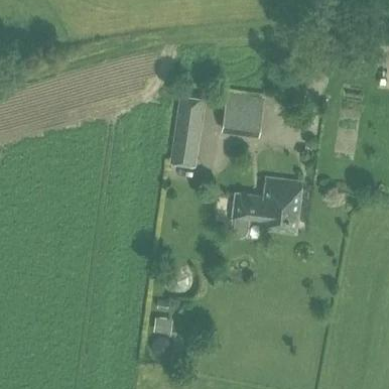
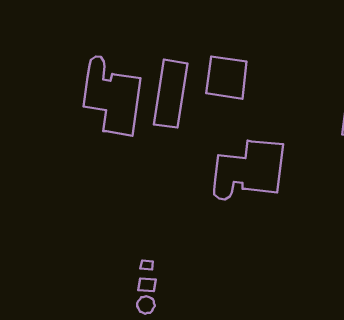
building: none -> [83,56,141,136]

